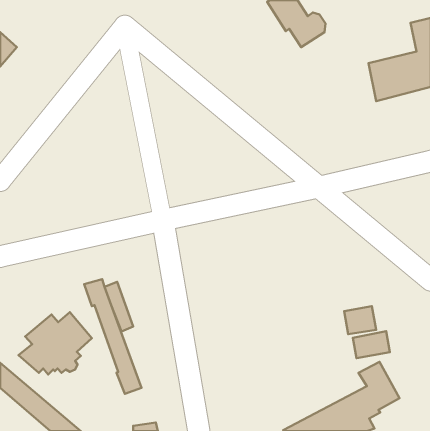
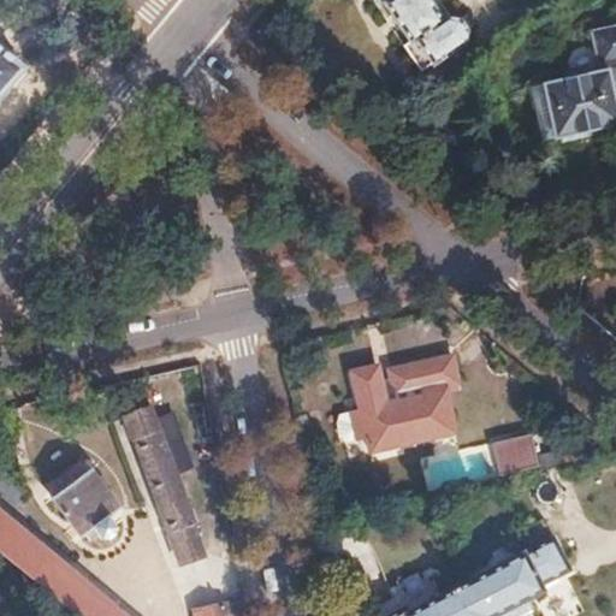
building: none -> [353,356,462,451]
building: [353,331,390,358] -> none

